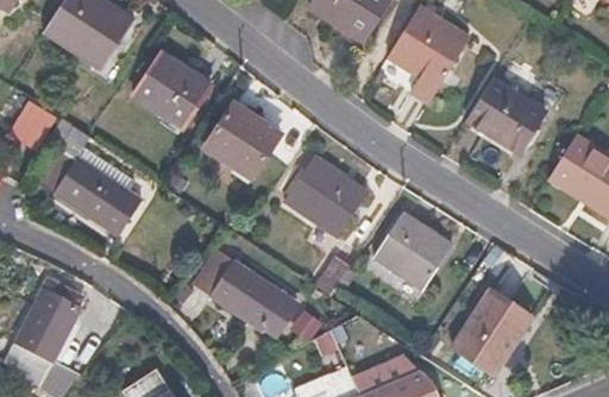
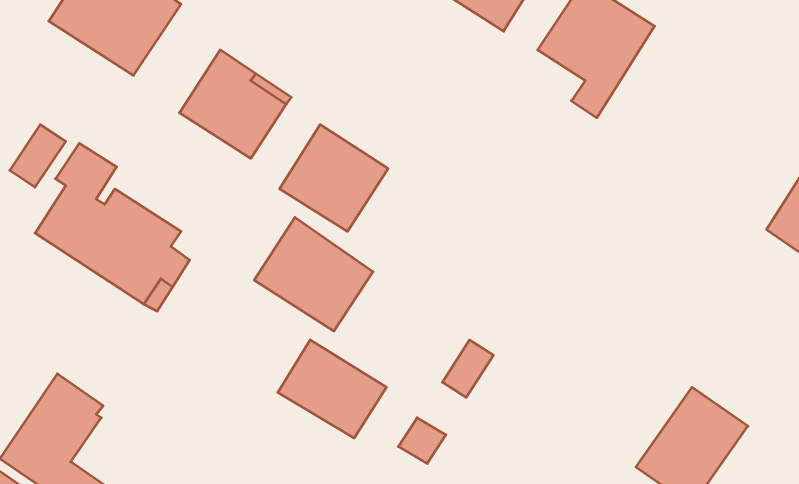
building: [464,77,544,151] -> none
building: [285,158,369,238] -> [254,217,373,331]
building: [377,216,453,291] -> none

